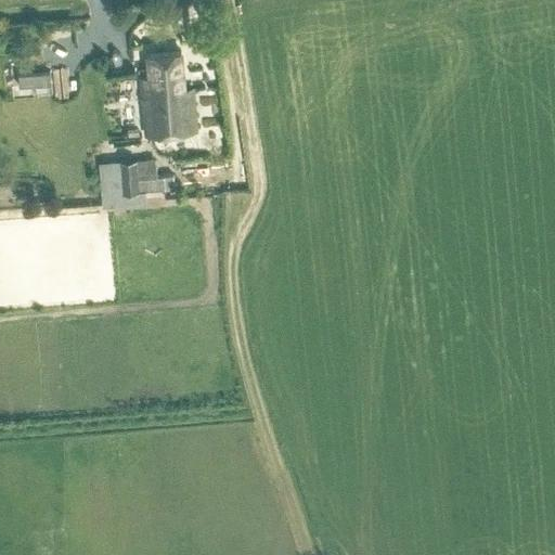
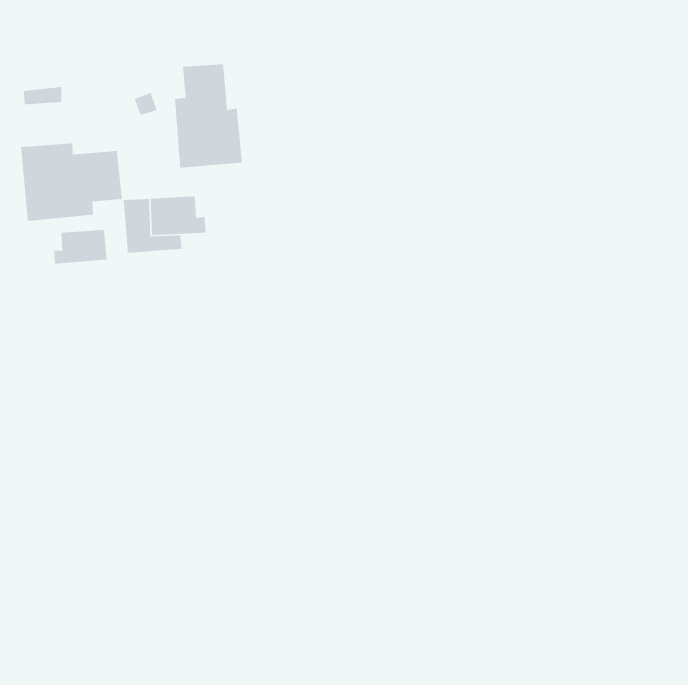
building: none -> [20,142,123,222]
building: none -> [54,229,108,264]

